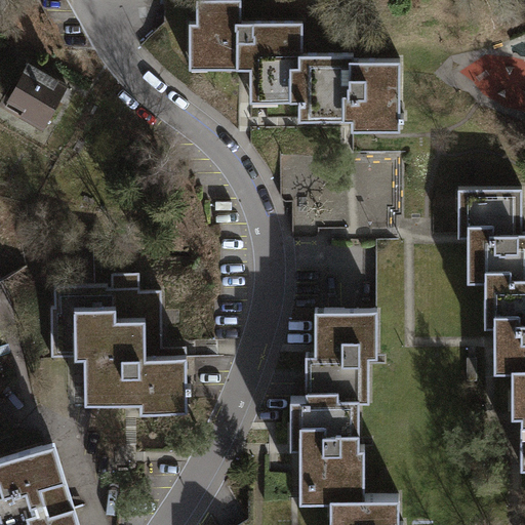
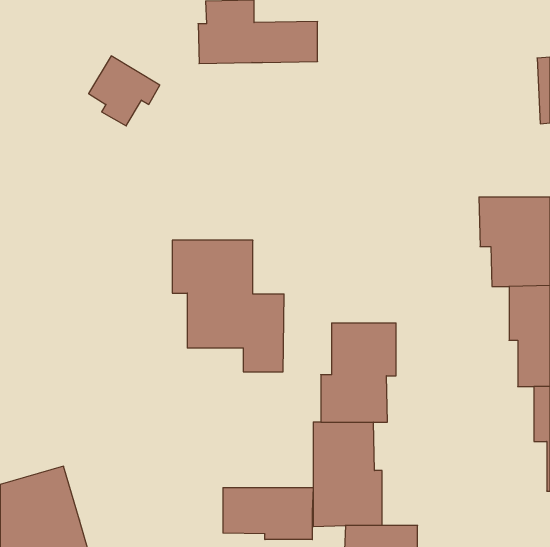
building: [250,59,403,123] -> none
building: [6,67,74,133] -> [89,56,160,126]
building: [78,304,185,429] -> [172,240,284,372]
building: none -> [223,488,313,540]

